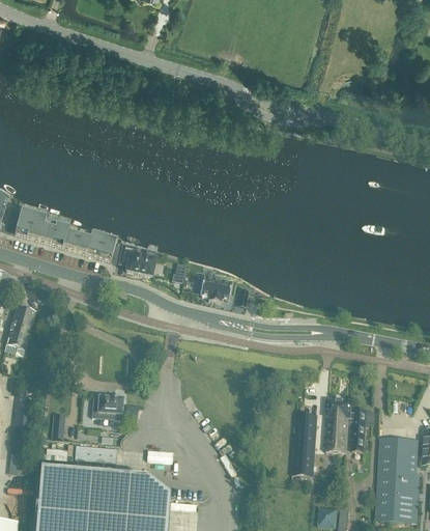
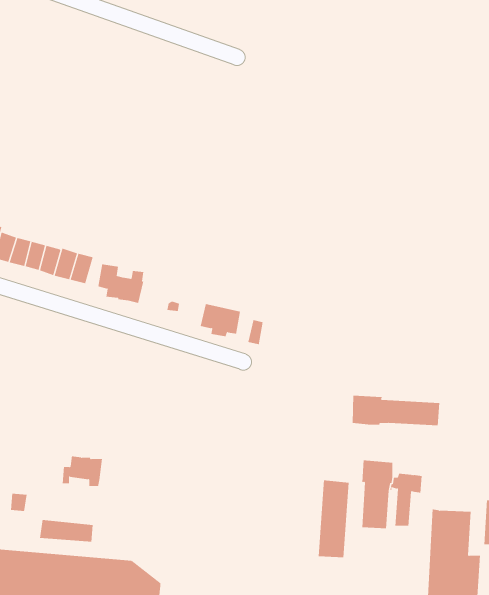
building: none -> [352,395,440,426]

